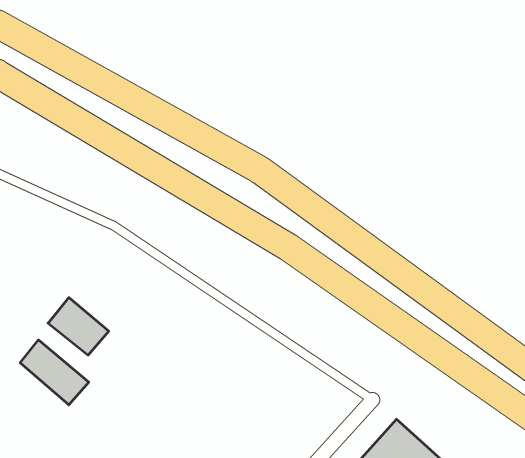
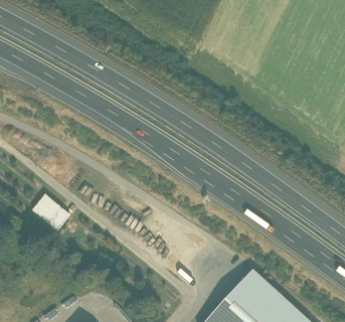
building: [20,340,89,405] -> none

